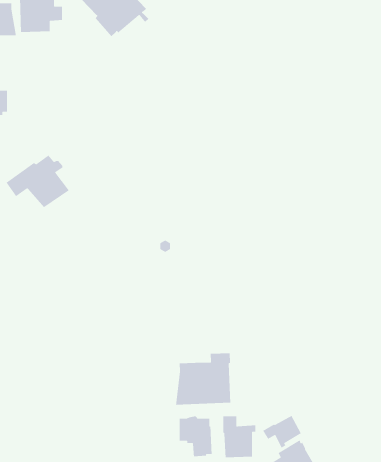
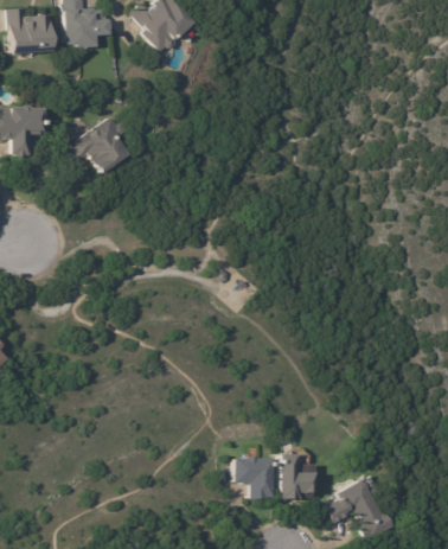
building: [6,154,70,208] -> [69,117,136,174]
building: [175,352,231,405] -> none
building: [262,415,302,449] -> none

